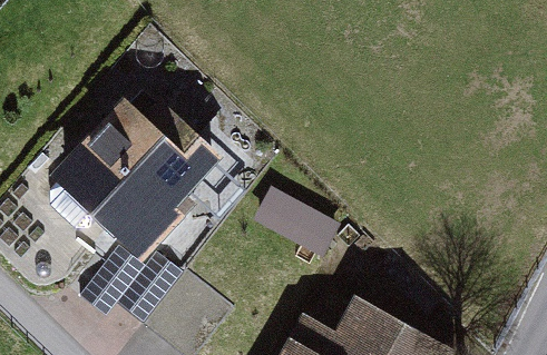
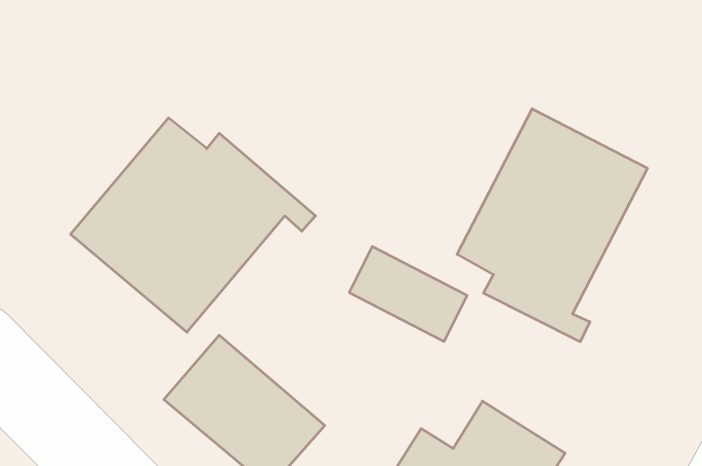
building: none -> [457,109,647,342]

